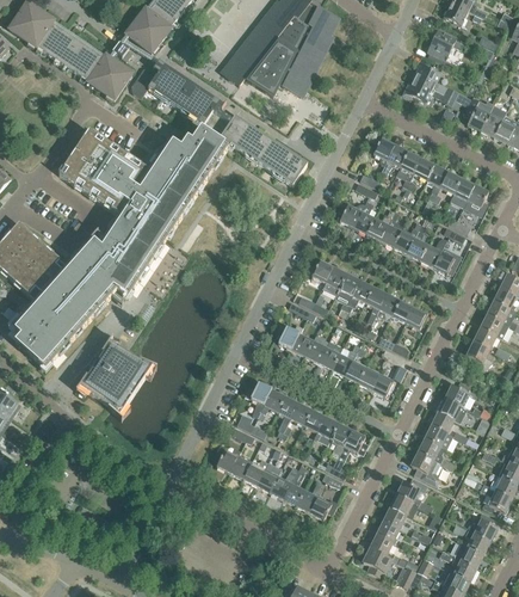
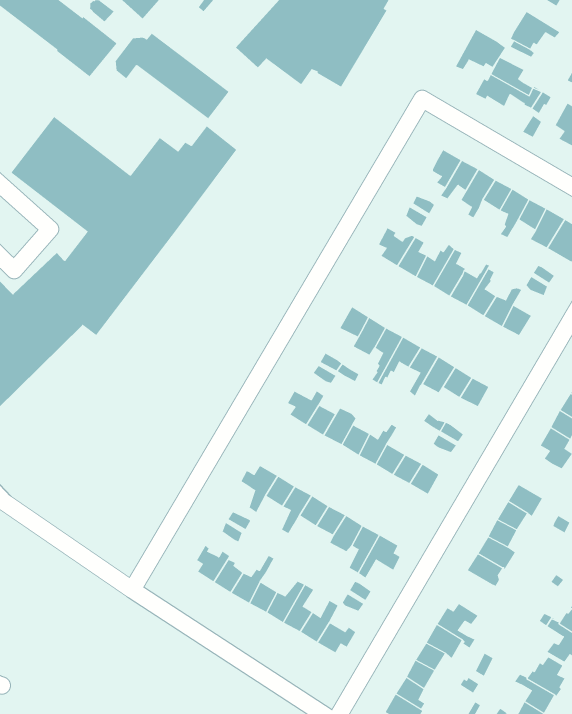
building: none -> [455,29,506,70]
building: [203,98,307,185] -> none
building: [75,337,156,420] -> none
building: [412,451,438,485] -> none

